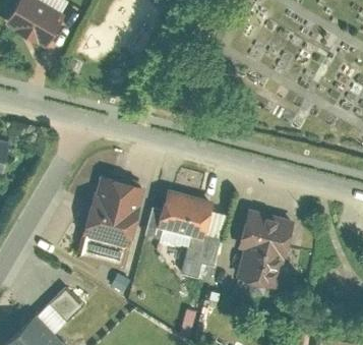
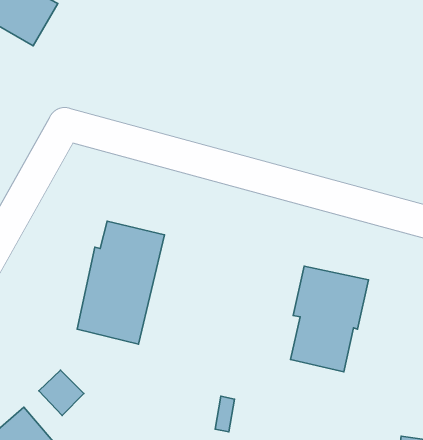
building: [158,189,227,279] -> none

